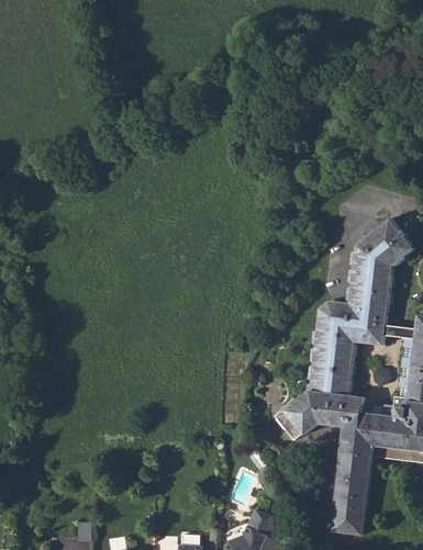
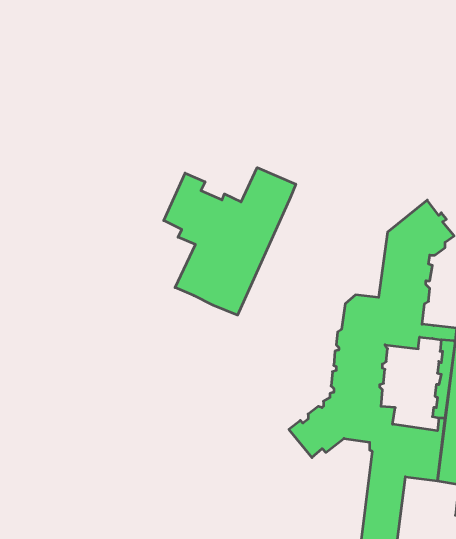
building: none -> [164,168,296,315]

